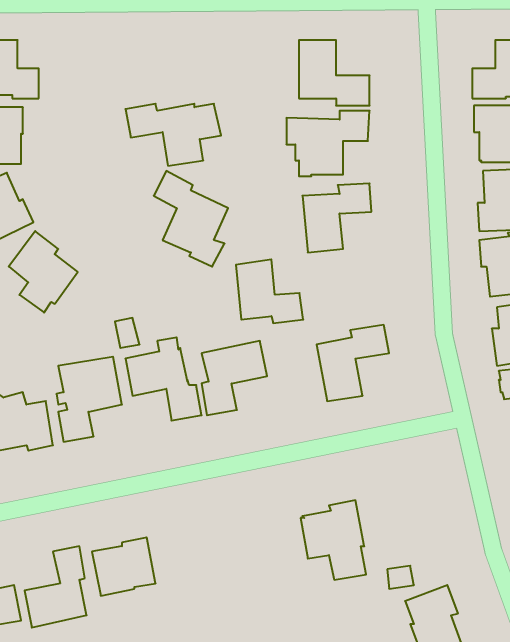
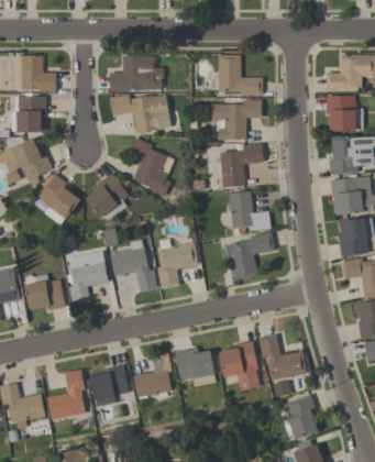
building: none -> [109,56,164,91]
building: none -> [86,173,129,217]
building: [236,259,303,323] -> [229,190,271,230]
building: none -> [258,334,307,381]
building: none -> [175,348,214,386]
building: none -> [133,353,172,399]

